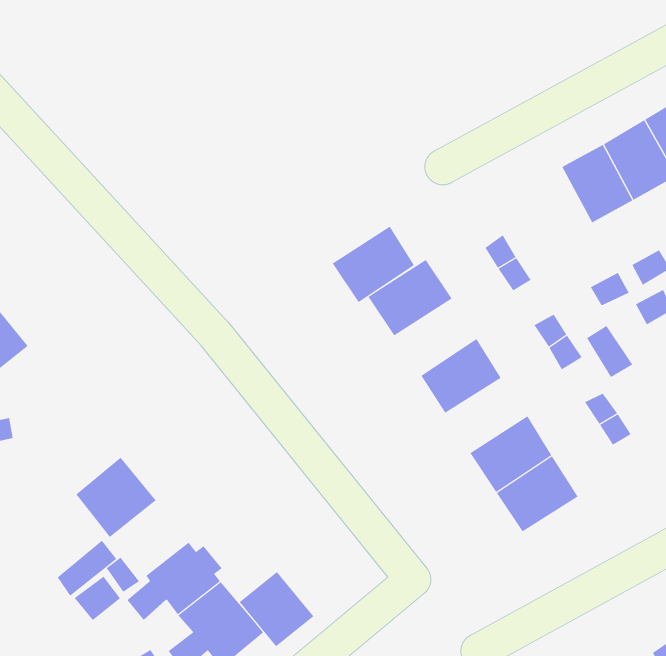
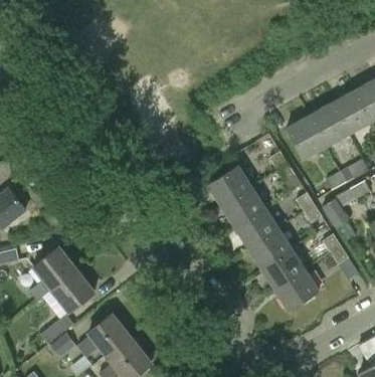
building: none -> [288,115,327,158]
building: [332,226,415,303] -> [221,185,265,226]
building: none -> [248,227,293,267]
building: none -> [29,246,75,301]
building: [239,571,314,647] -> none

